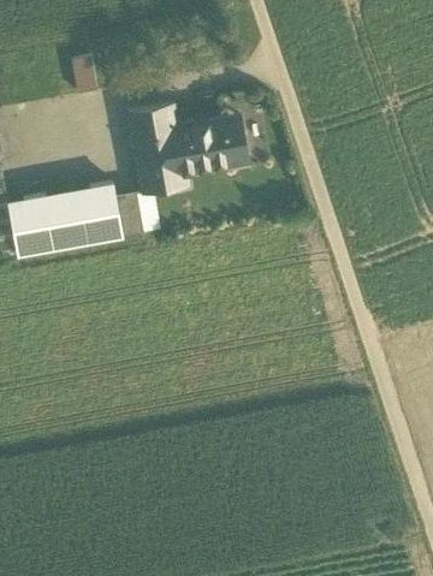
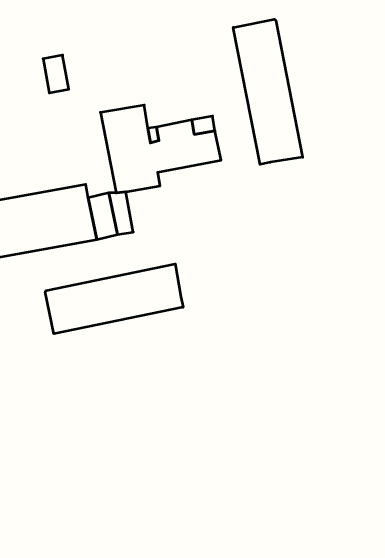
building: none -> [233,19,303,164]
building: none -> [45,264,183,334]

